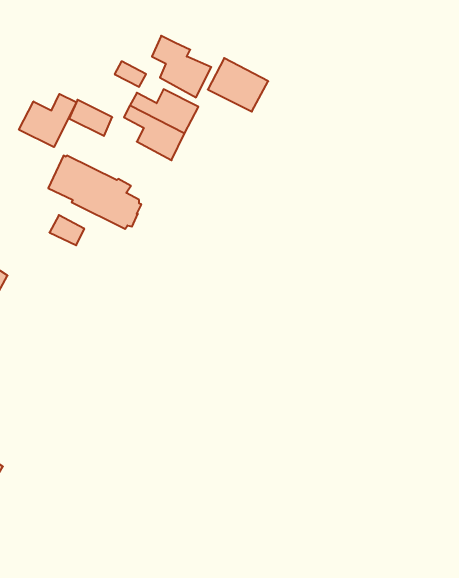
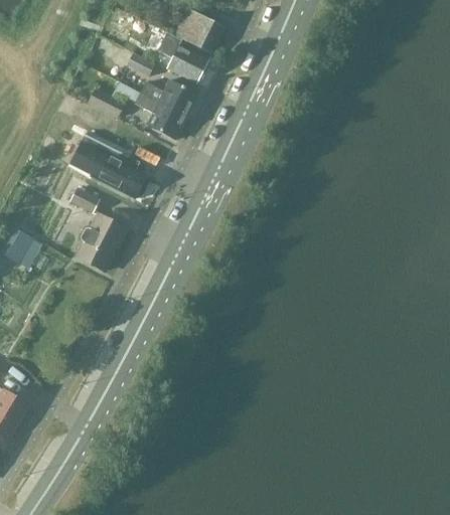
building: [208,58,268,112] -> [173,7,226,53]
building: [19,94,76,147] -> none
building: none -> [73,211,125,270]

